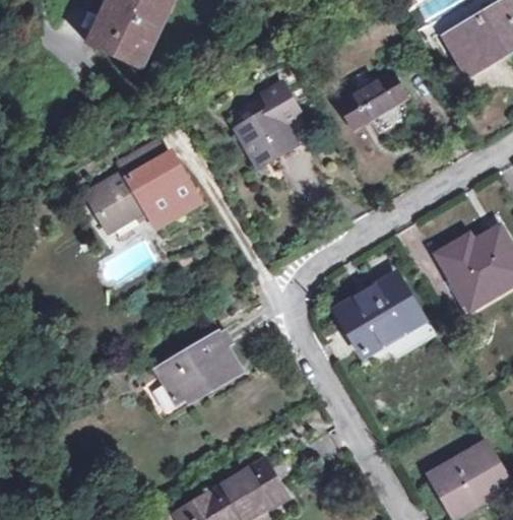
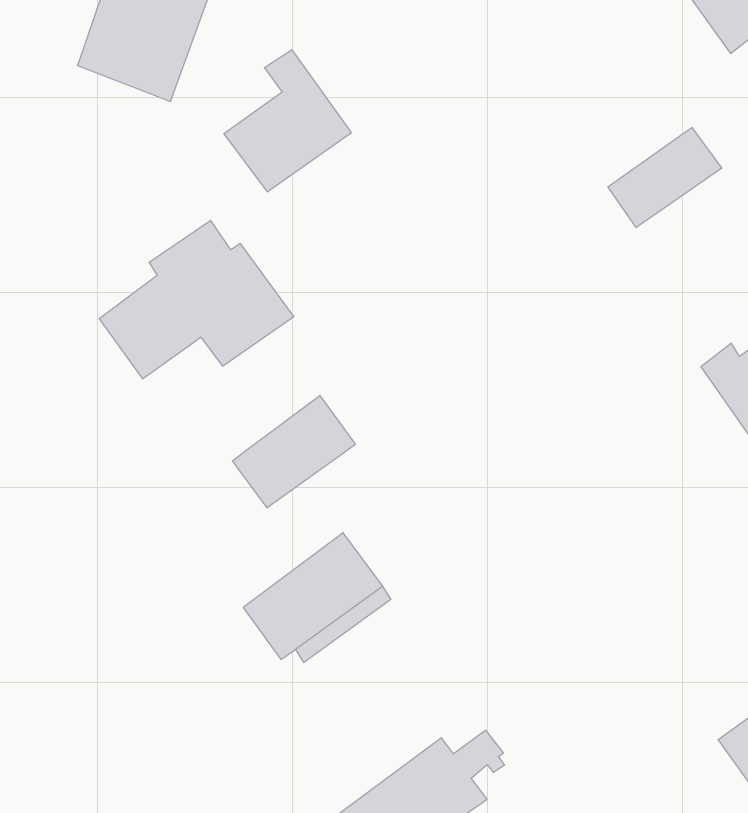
building: [338,71,406,127] -> [608,127,722,228]
building: [237,83,312,166] -> [224,50,351,192]
building: none -> [232,395,355,508]
building: [336,276,421,355] -> none

